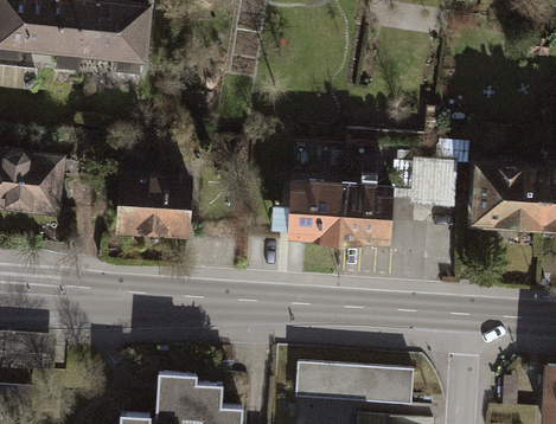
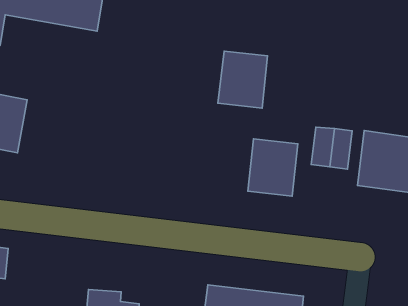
building: [117,171,193,236] -> none
building: [286,179,341,244] -> [218,51,268,108]

